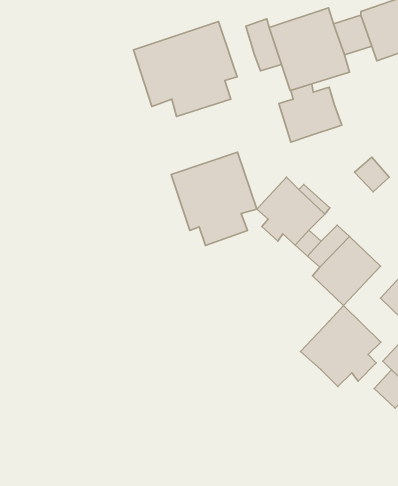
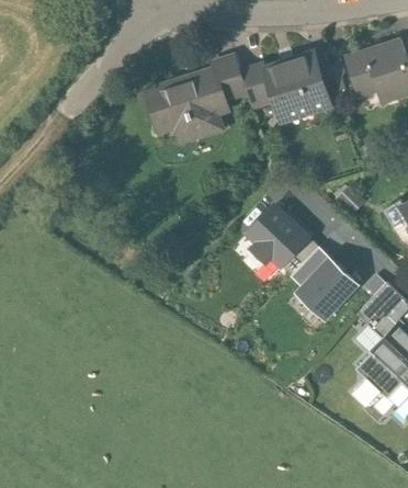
building: none -> [212,53,246,101]
building: [279,84,342,142] -> none
building: [171,152,257,245] -> none
building: [301,306,381,387] -> none

